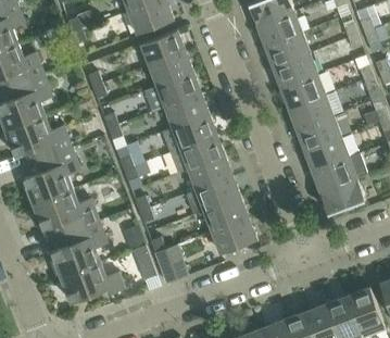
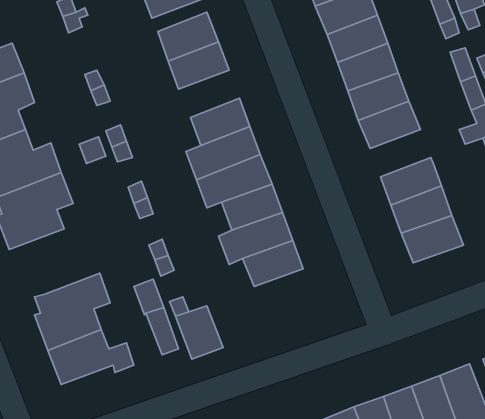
building: [144,72,201,112] -> none
building: [297,115,341,150] -> none
building: [33,188,99,238] -> none
building: [212,217,256,253] -> none

